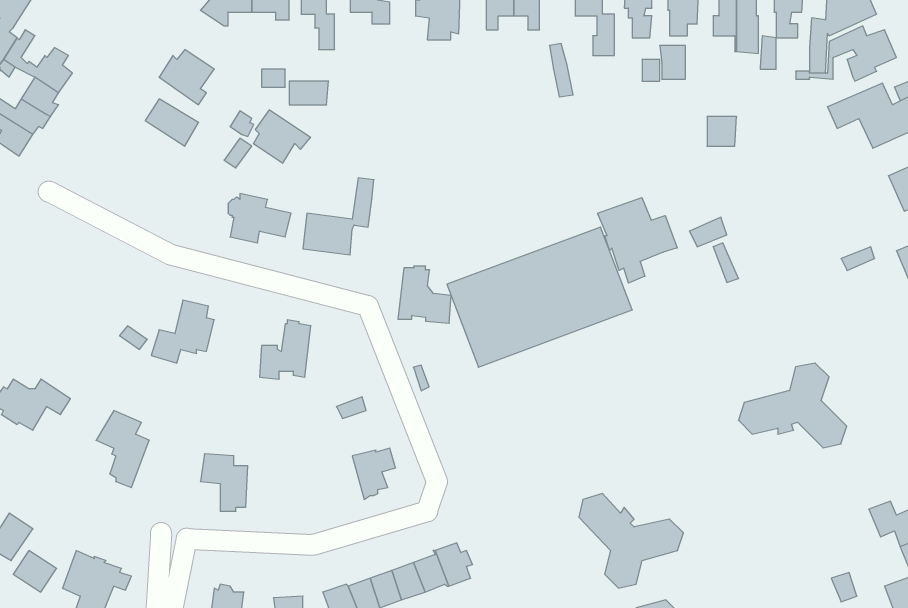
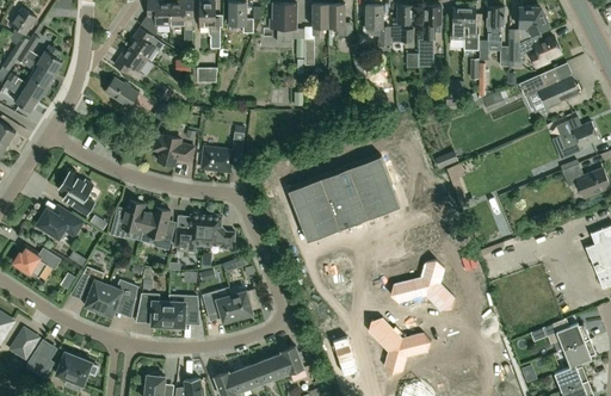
building: [253,110,311,163] -> [130,29,165,61]
building: [598,198,677,283] -> none
building: none -> [60,173,93,215]
building: [398,266,451,323] -> [203,215,235,249]
building: none -> [37,205,82,237]
building: none -> [143,208,173,250]
building: [738,363,847,448] -> [390,260,456,311]
building: none -> [98,280,137,317]
building: none -> [167,295,199,329]
building: none -> [206,295,239,322]

